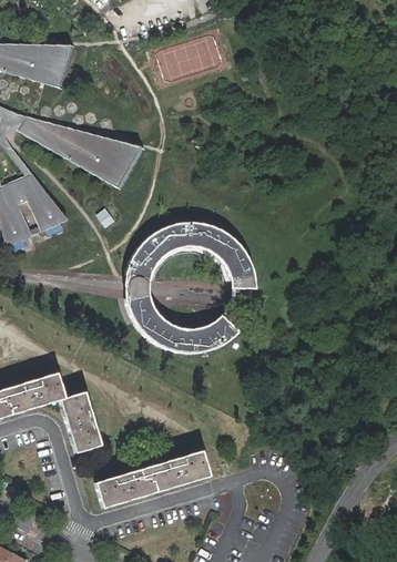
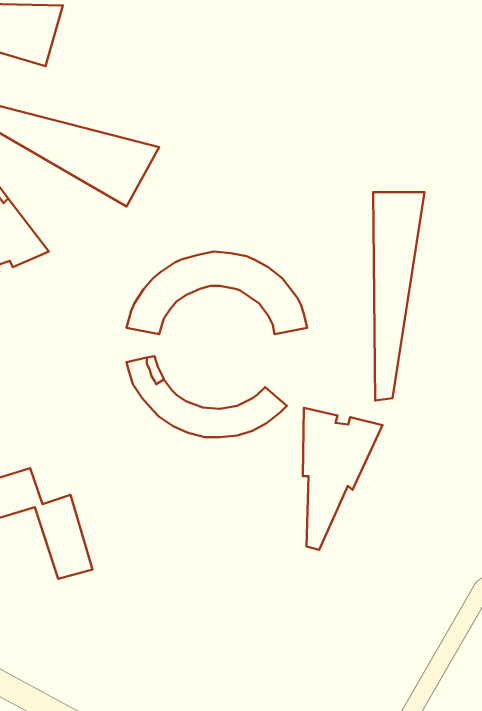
building: none -> [373,192,425,400]
building: none -> [303,408,383,550]
building: [94,452,207,509] -> none

